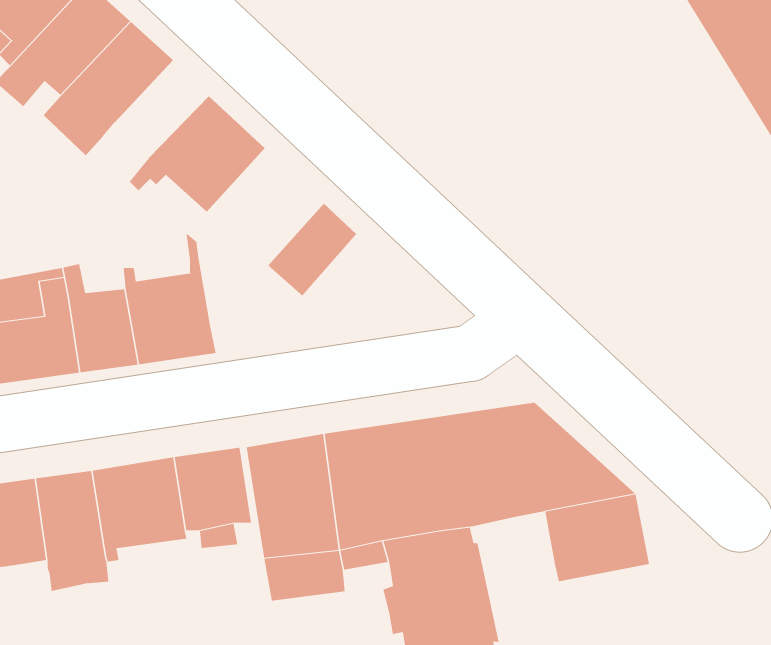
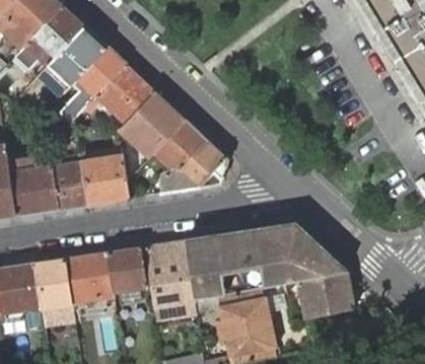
building: none -> [56,46,124,123]
building: none -> [112,91,184,158]
building: none -> [157,136,226,193]

